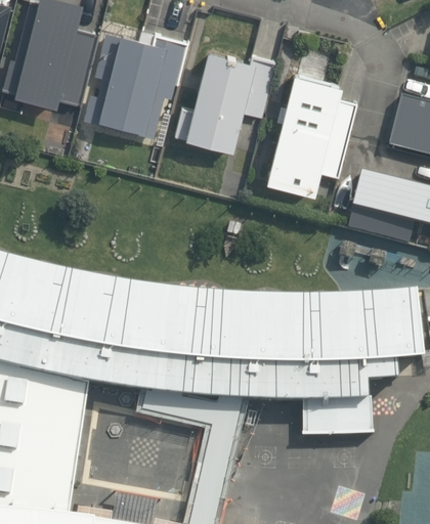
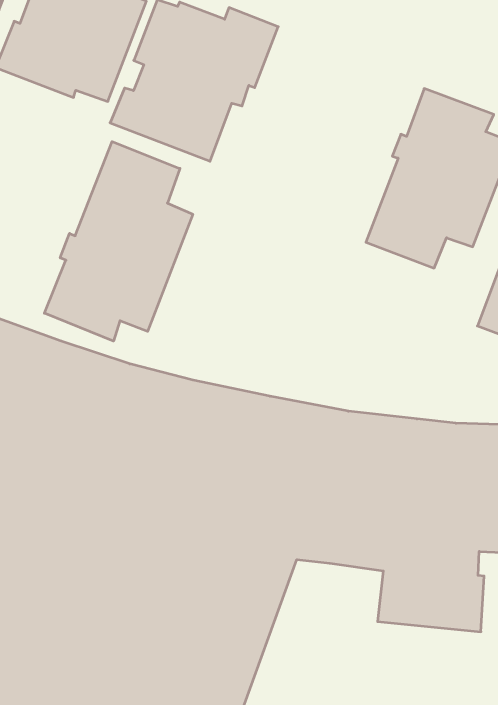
building: [175,46,277,147] -> none
building: none -> [44,142,193,341]

